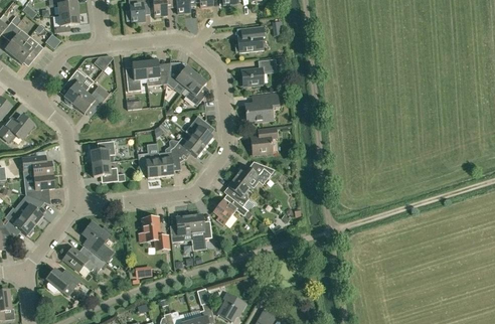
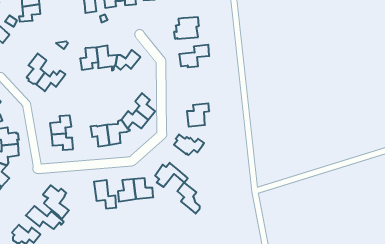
building: [185,72,207,106] -> none
building: [245,93,279,122] -> none
building: [227,175,254,211] -> [177,183,200,214]

